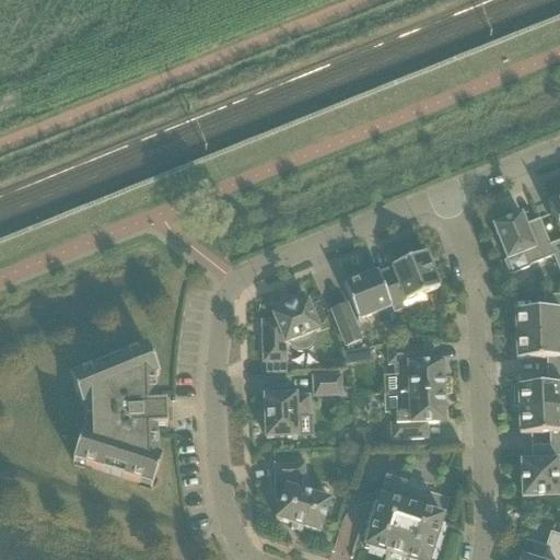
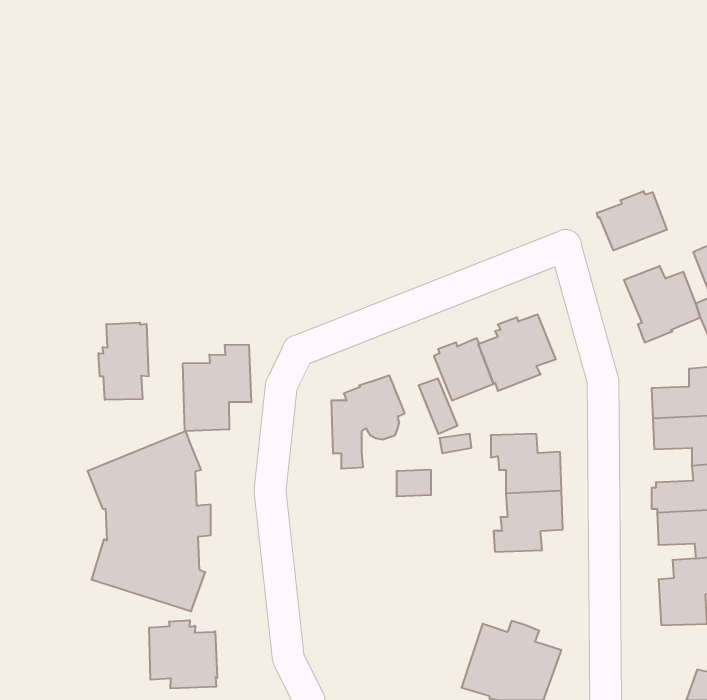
building: none -> [597,191,667,250]
building: none -> [99,322,148,400]
building: none -> [183,345,251,431]
building: [265,390,310,433] -> none
building: [273,458,330,528] -> none
building: none -> [149,620,217,688]

